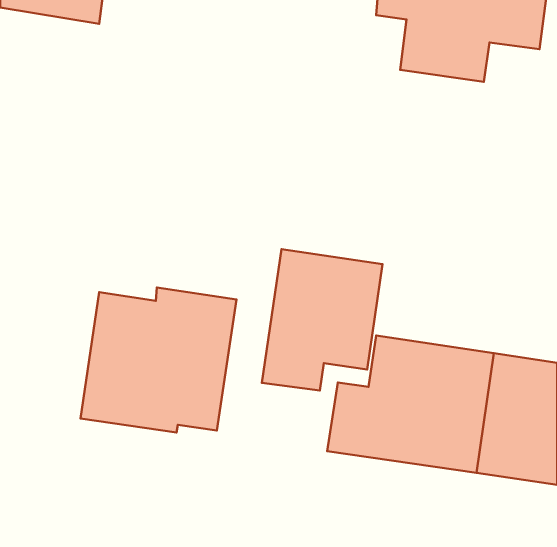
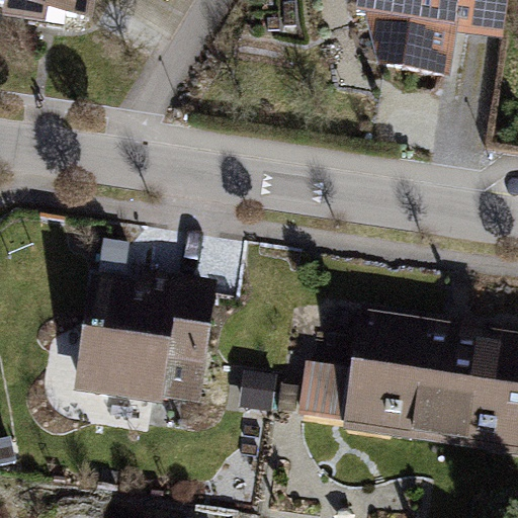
building: [262,249,383,391] -> none

